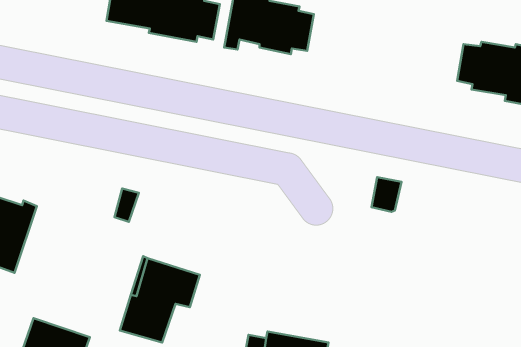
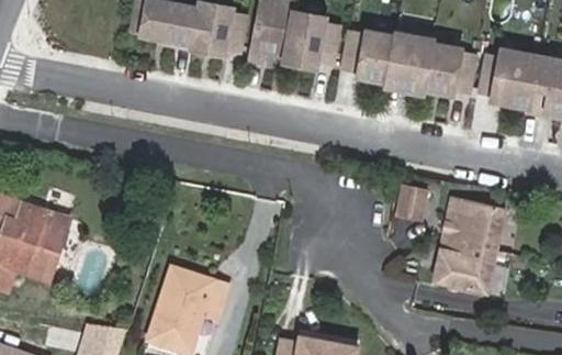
building: none -> [346,30,479,93]
building: none -> [437,200,507,293]

